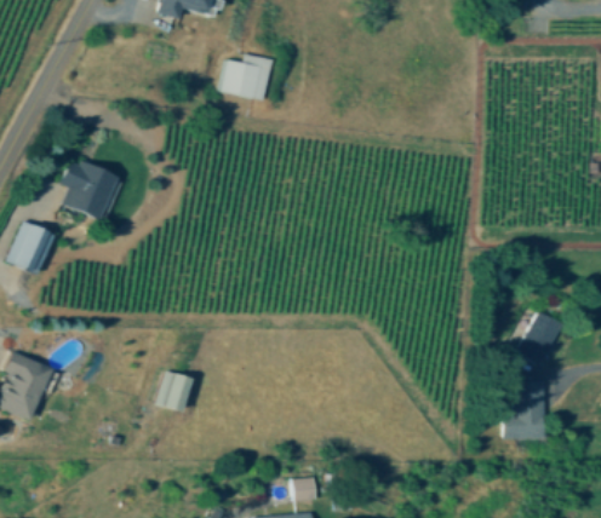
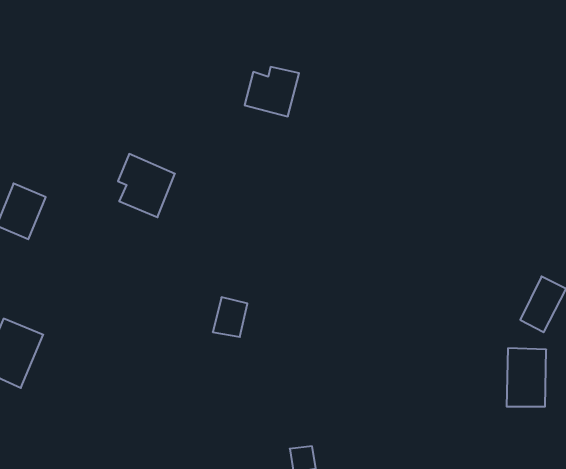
building: [221,53,274,102] -> [245,67,299,116]
building: [62,157,118,219] -> [118,154,175,217]
building: [158,372,191,410] -> [213,297,247,337]

